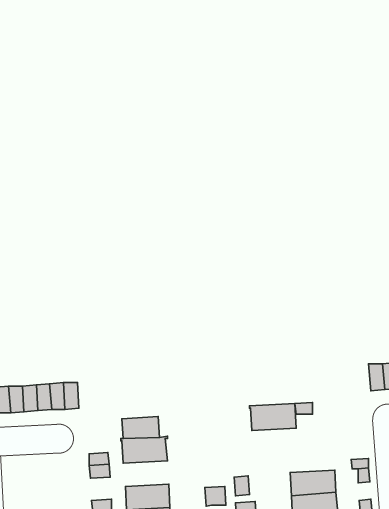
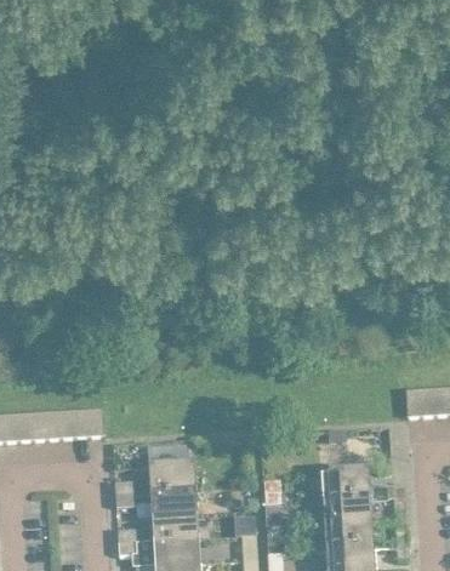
building: [249,404,296,430] -> [320,475,369,503]
building: none -> [149,491,196,518]

